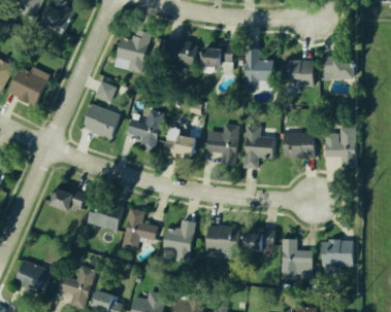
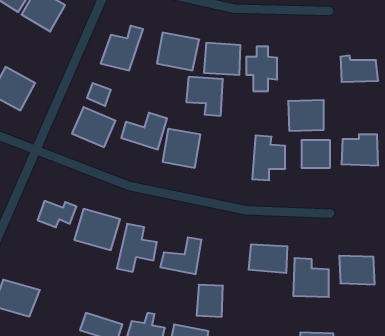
building: [279,60,311,88] -> [288,100,324,131]
building: [206,131,239,166] -> [186,77,223,116]
building: [205,224,229,253] -> [197,285,223,317]
building: [58,267,93,300] -> none

